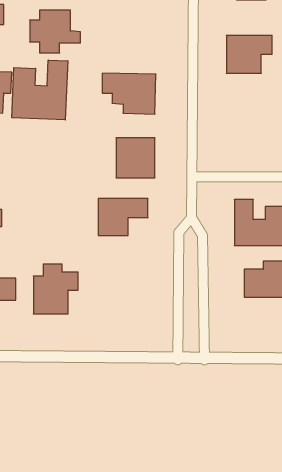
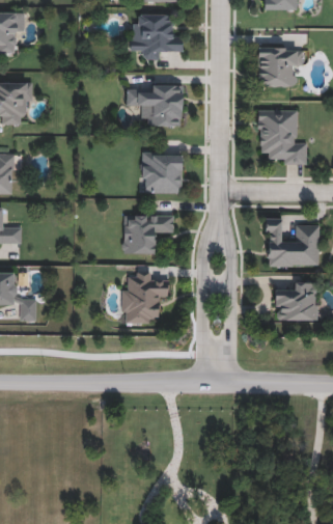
building: [30,10,80,53] -> [131,15,184,59]
building: [12,60,68,120] -> none
building: none -> [257,107,307,162]
building: [33,264,78,314] -> [122,272,169,324]

